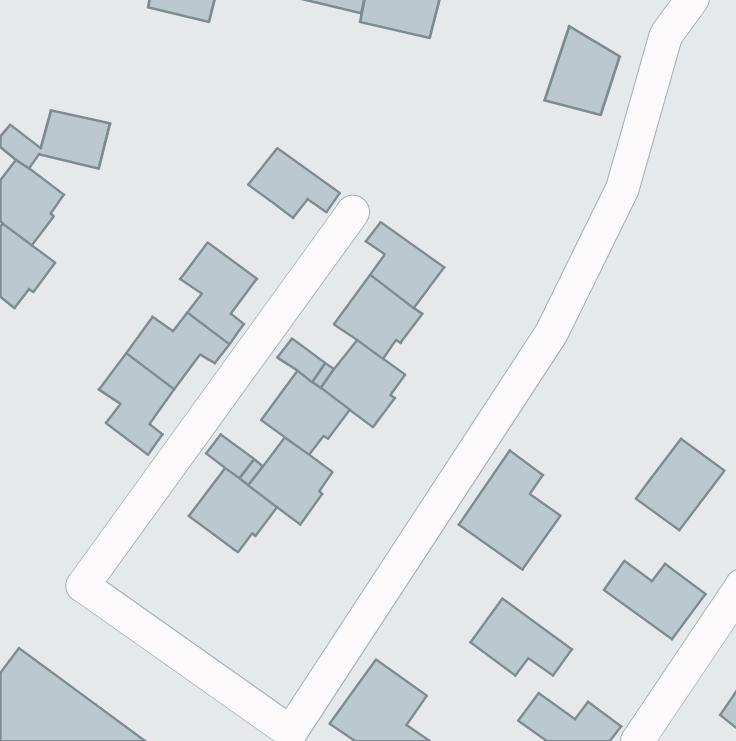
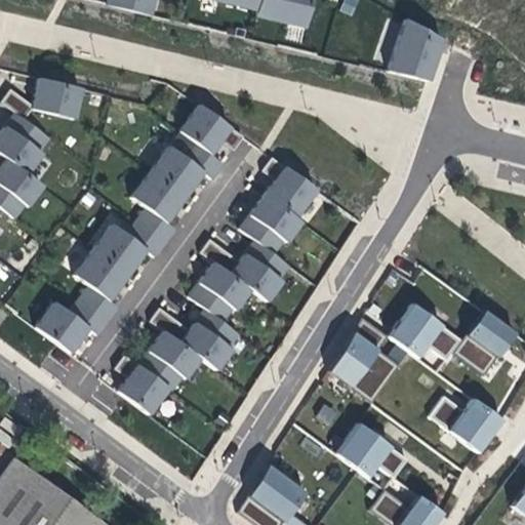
building: none -> [151,142,225,197]
building: none -> [36,298,109,353]
building: none -> [389,302,462,360]
building: none -> [115,355,169,414]

